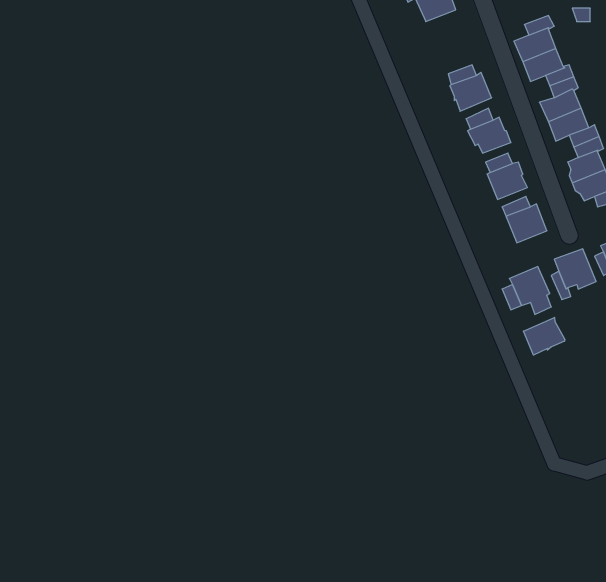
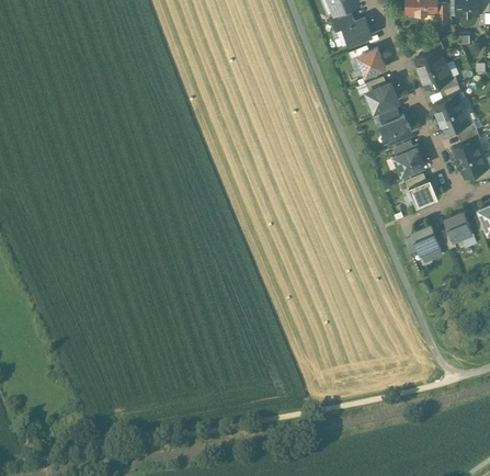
building: none -> [357,49,385,78]
building: [523,317,565,355] -> none

